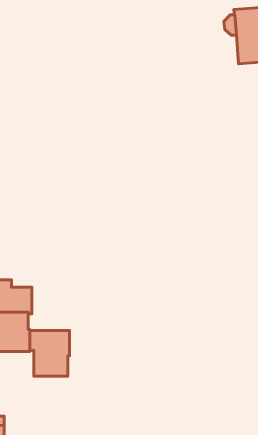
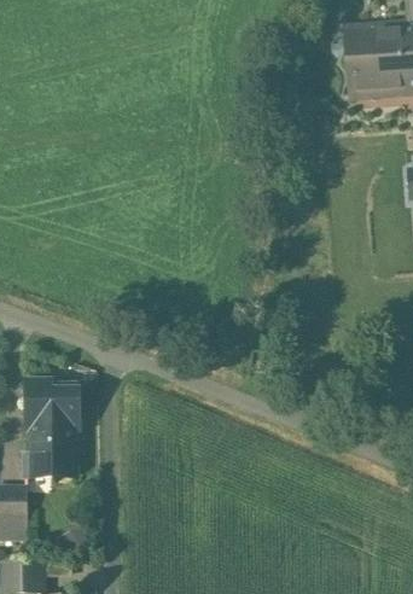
building: [30,330,70,376] -> none

